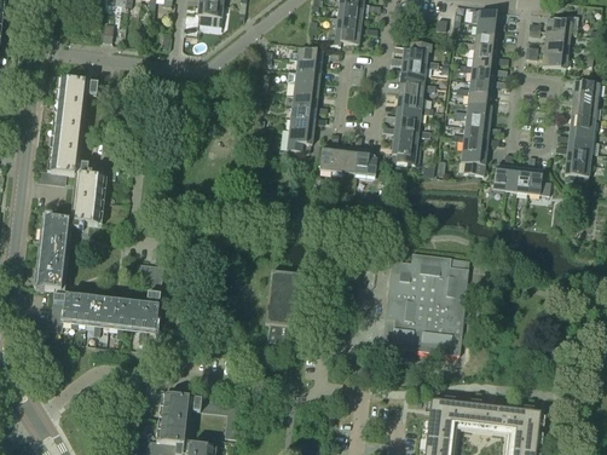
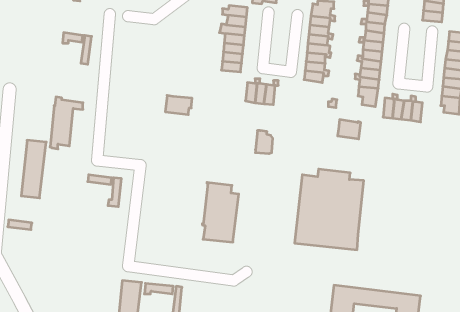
building: [37,76,85,180] -> none
building: [279,126,313,150] -> [165,95,192,115]
building: [391,139,420,163] -> [338,120,361,139]
building: [354,146,376,175] -> [255,131,273,154]
building: [53,293,158,339] -> none

